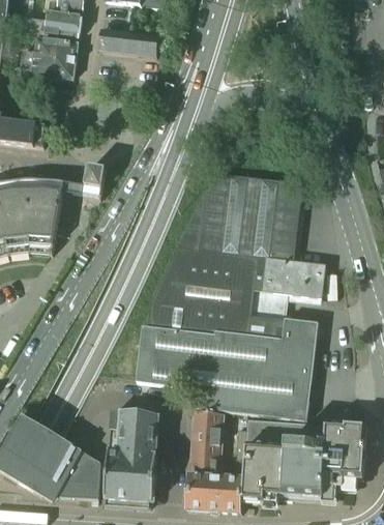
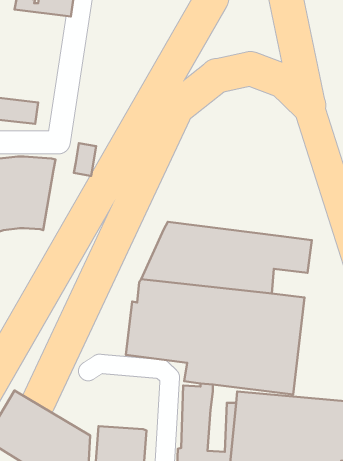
building: [98,28,157,57] -> none
building: [21,37,78,79] -> none
building: [177,174,300,260] -> none
building: [107,412,155,456] -> none

